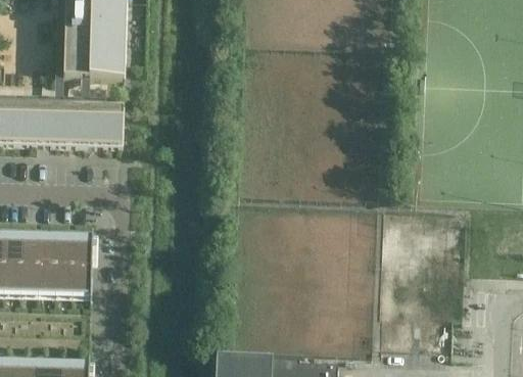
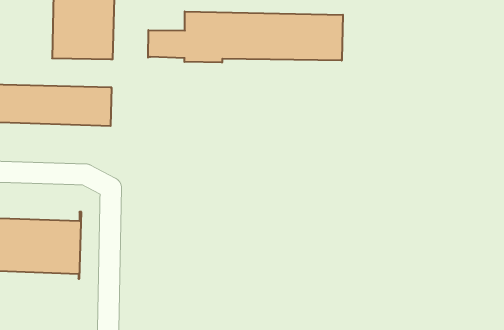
building: none -> [148,11,343,63]

